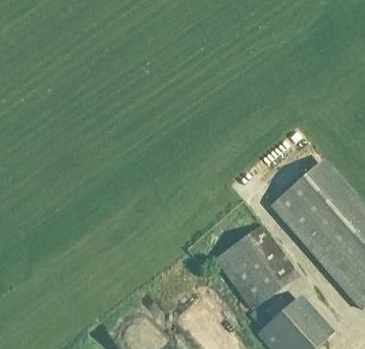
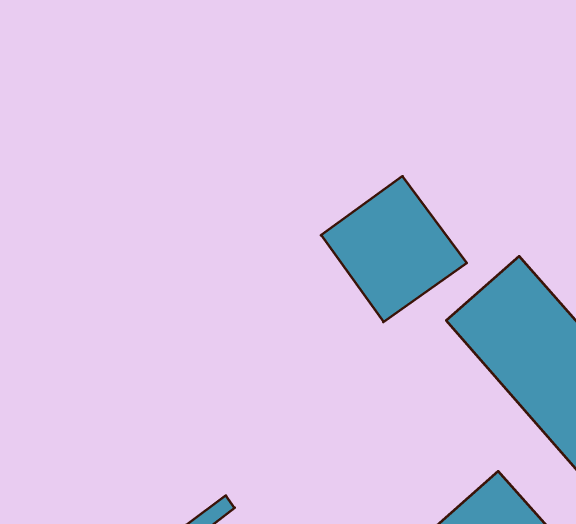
building: [215,223,301,309] -> [321,176,467,322]

